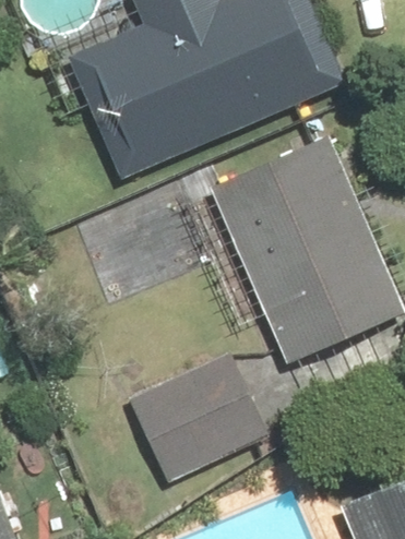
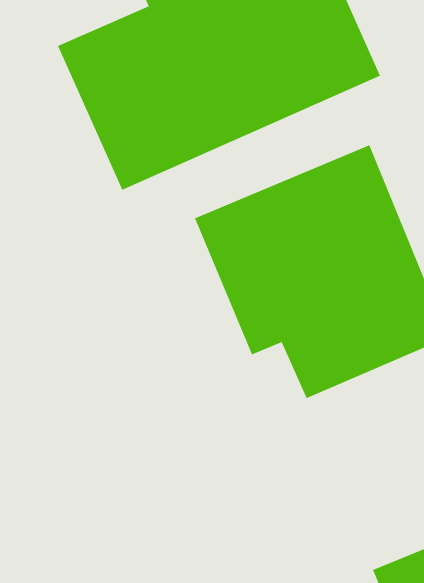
building: [122,358,272,489] -> none

